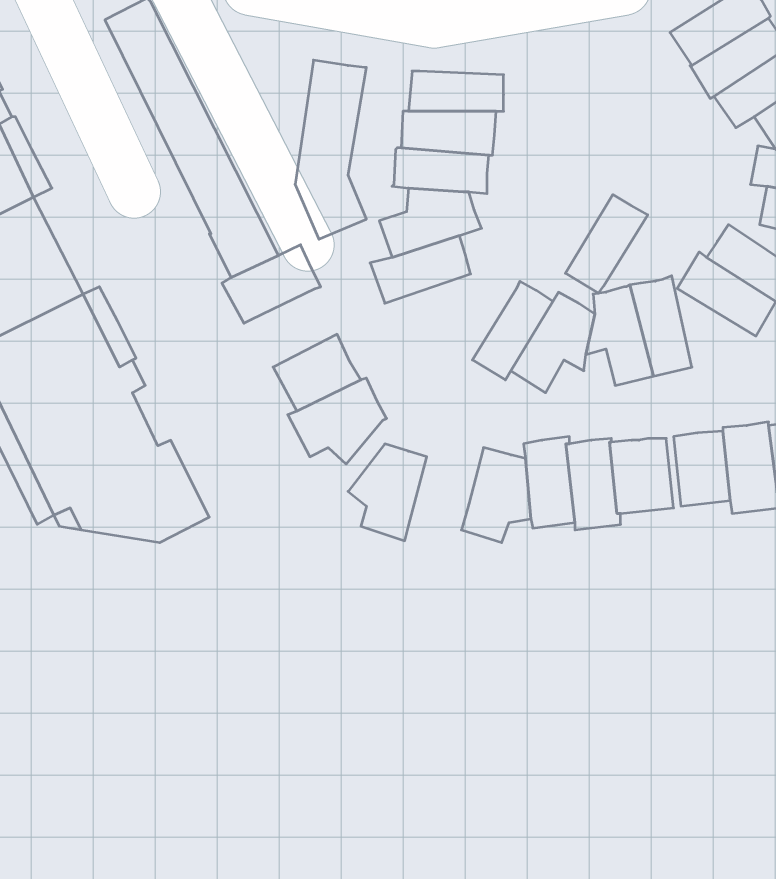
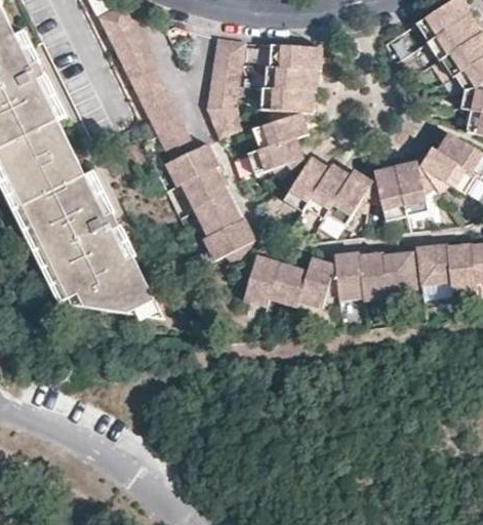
building: [565,195,648,293] -> [283,156,329,211]
building: none -> [180,167,229,211]
building: none -> [269,261,308,308]

